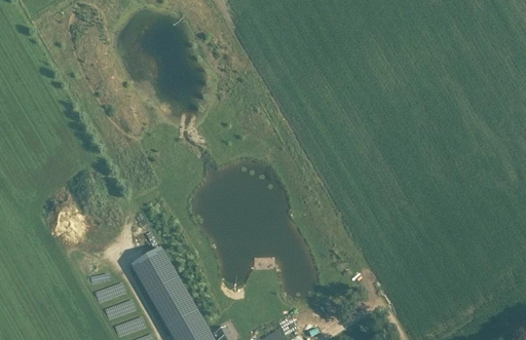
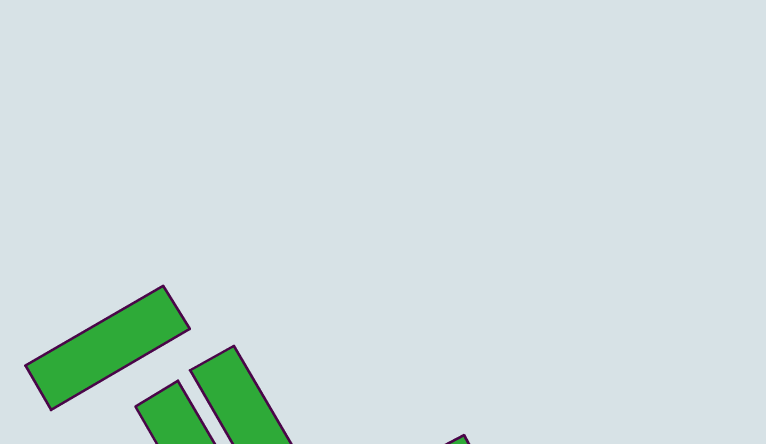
building: none -> [25,286,190,410]

